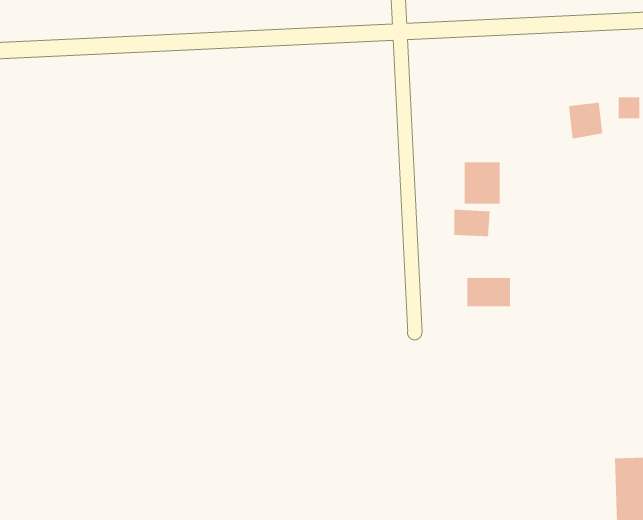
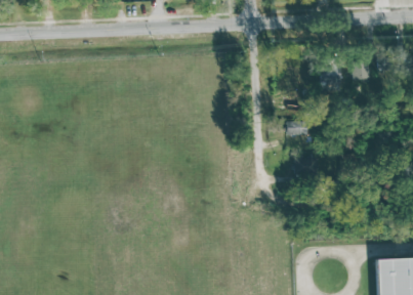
building: [464,162,501,204] -> [320,67,340,90]

